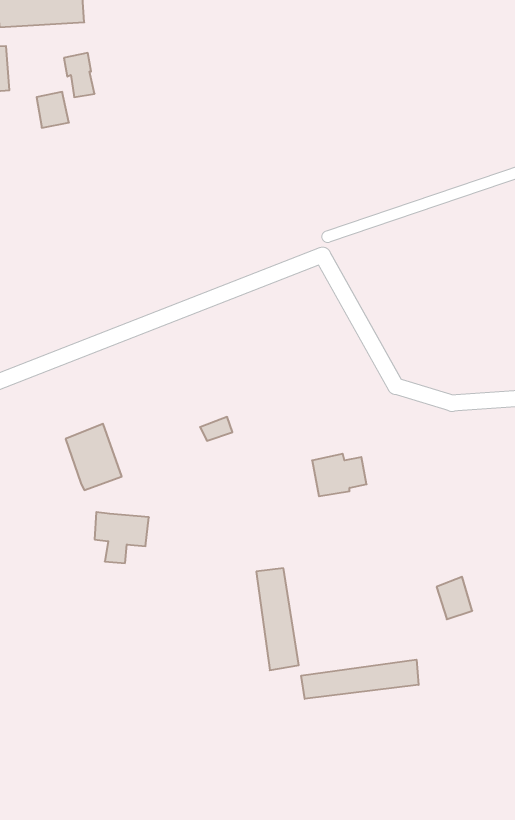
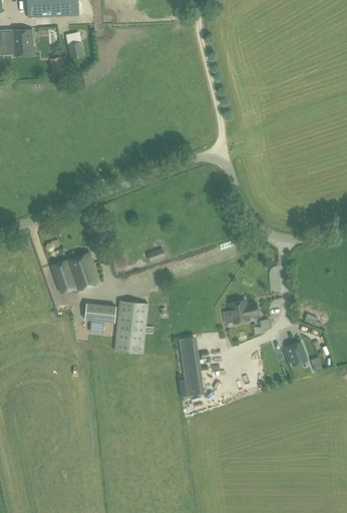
building: none -> [50,261,75,293]
building: [312,454,367,496] -> [229,299,261,324]
building: none -> [113,301,147,354]
building: [301,660,419,699] -> none

